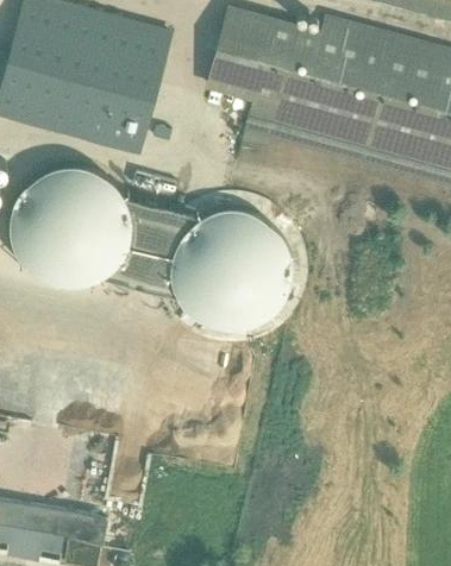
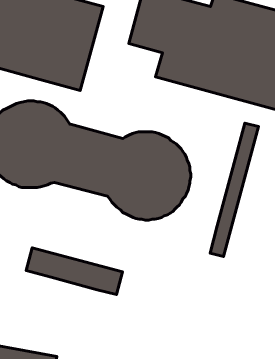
building: none -> [210,123,258,257]
building: none -> [26,248,122,295]

